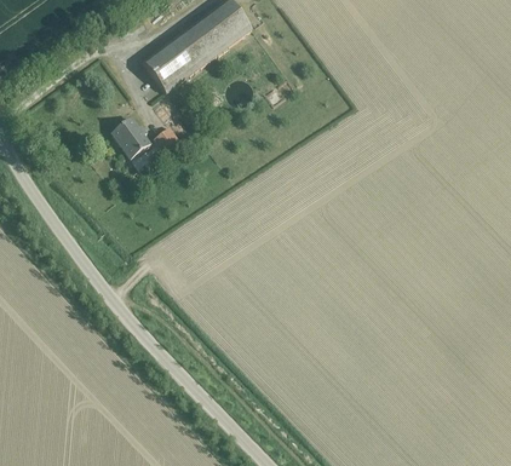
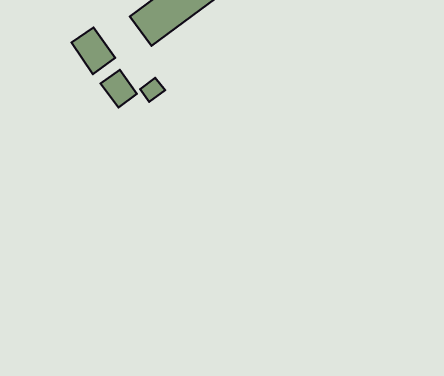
building: none -> [71,28,115,74]

